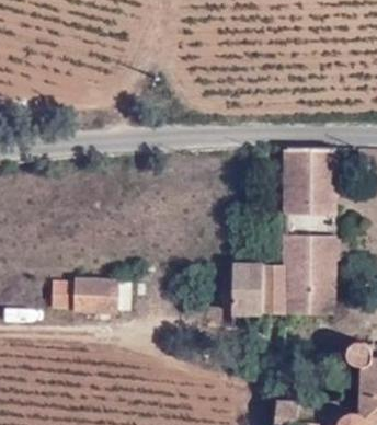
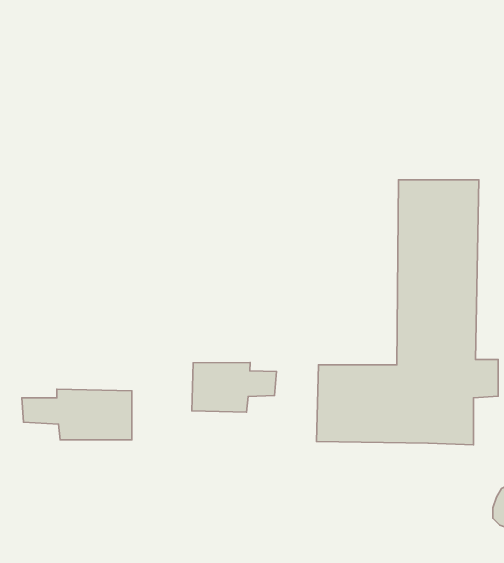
building: none -> [192,362,277,412]

